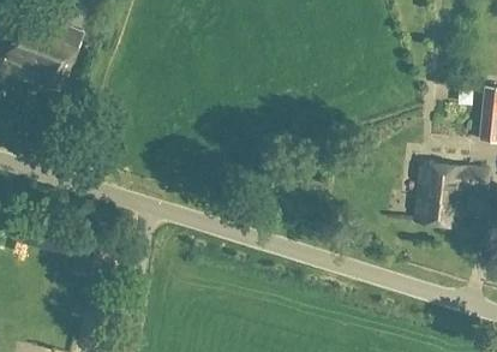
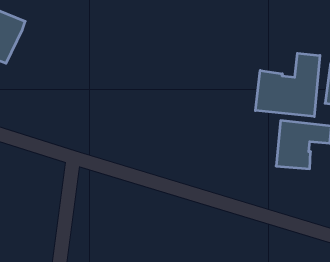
building: none -> [255,53,320,117]

